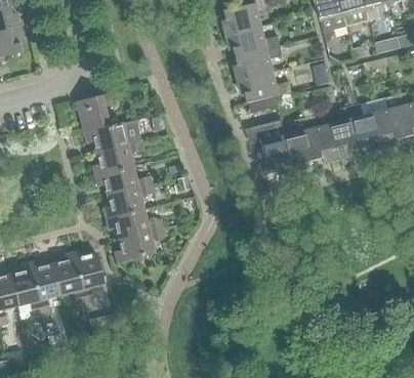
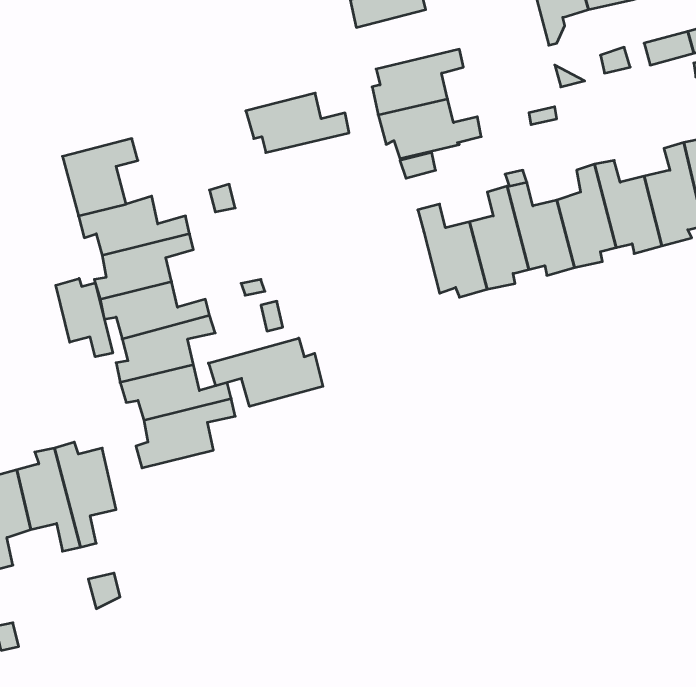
building: [227,25,281,55] -> [246,93,349,153]
building: none -> [56,278,113,357]
building: none -> [208,338,323,406]

